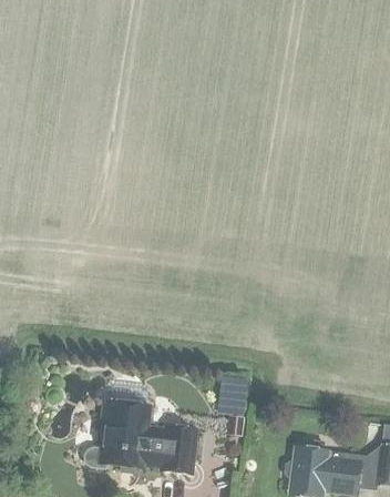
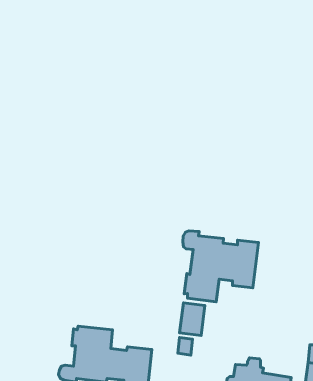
building: none -> [183,231,259,302]

